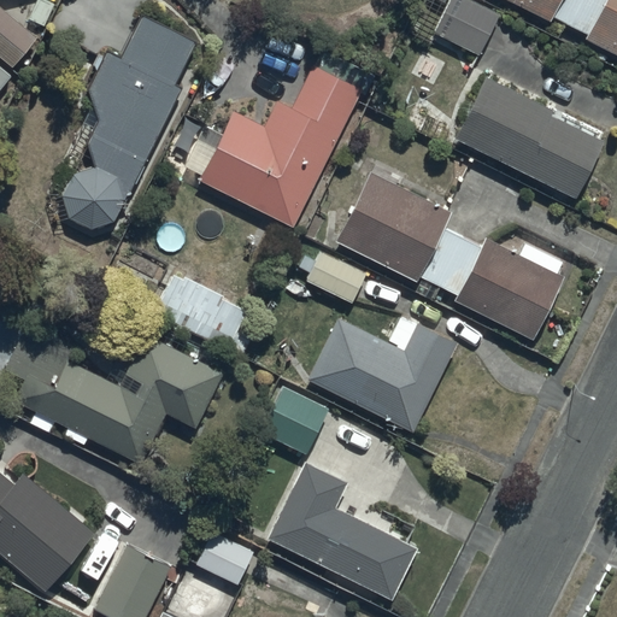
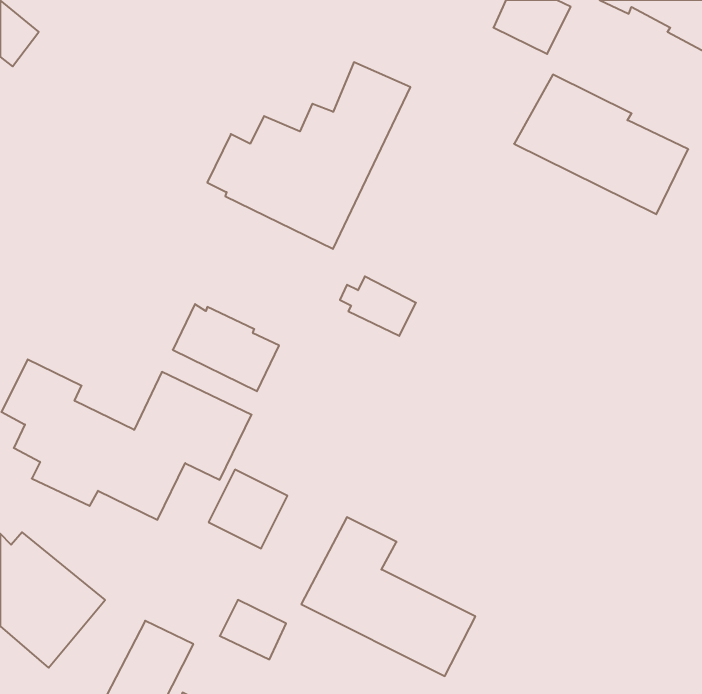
building: [64,16,195,229] -> none
building: [335,172,565,340] -> none
building: [310,318,459,431] -> none
building: [262,388,330,457] -> [209,470,287,548]

